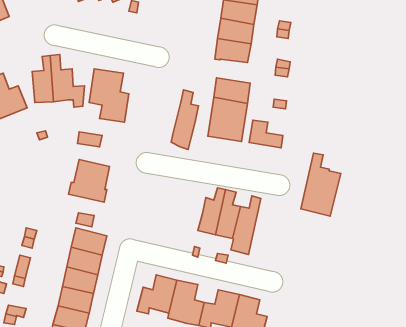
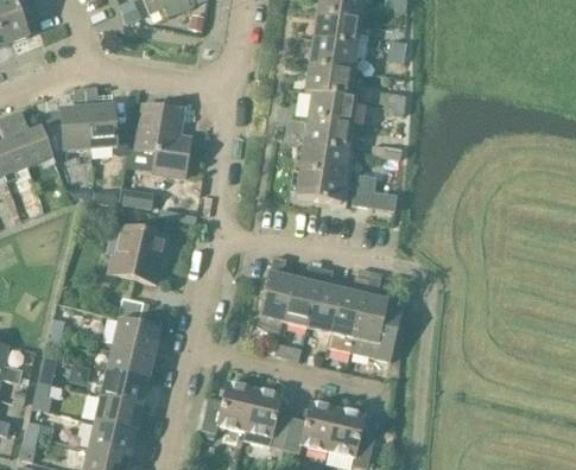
building: none -> [308,91,357,123]
building: [171,90,199,149] -> [257,255,293,335]
building: [301,153,341,216] -> [350,278,404,362]

